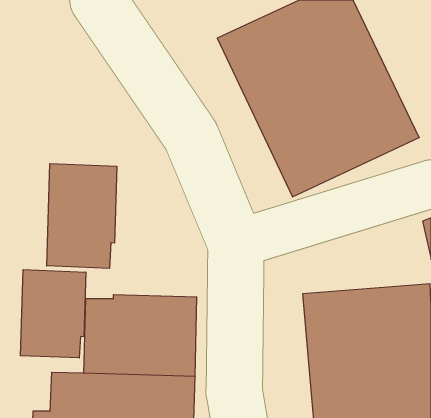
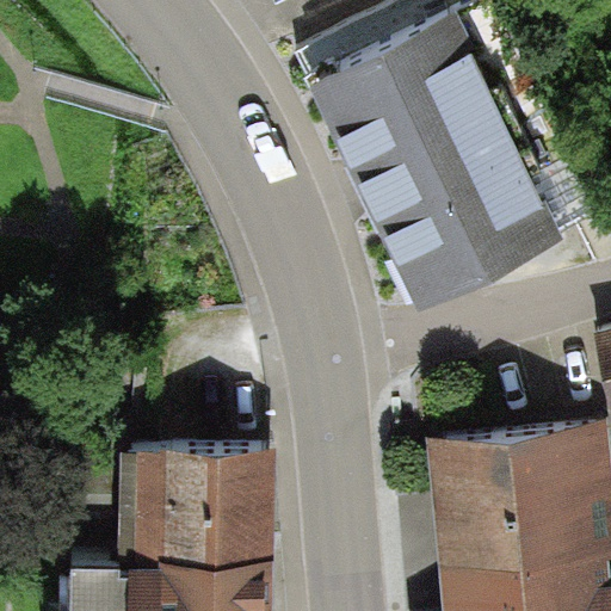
building: [47,164,117,268] -> none
building: [21,270,86,358] -> none

